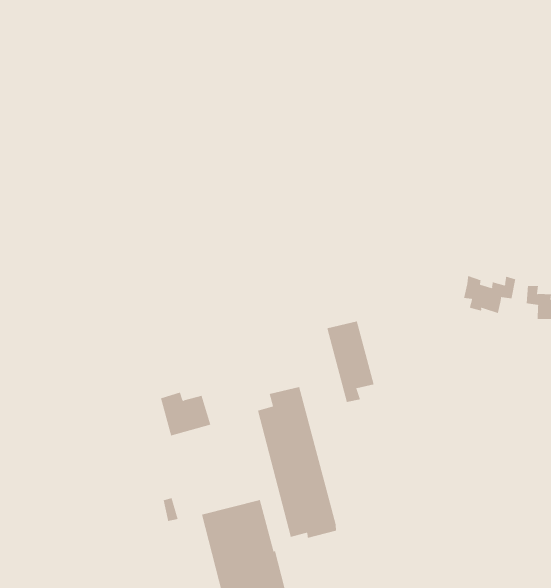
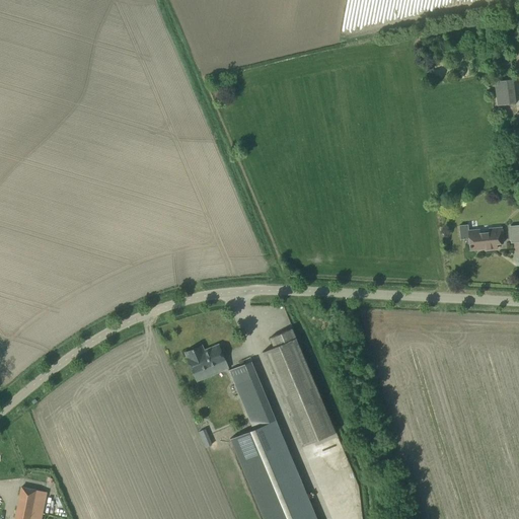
building: [464,275,516,314] -> none
building: [327,321,375,403] -> [228,361,272,426]

